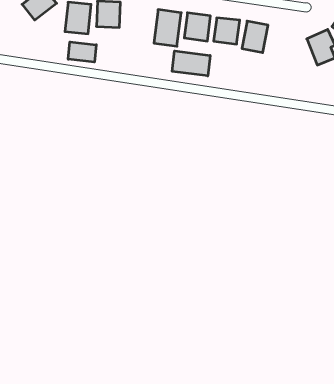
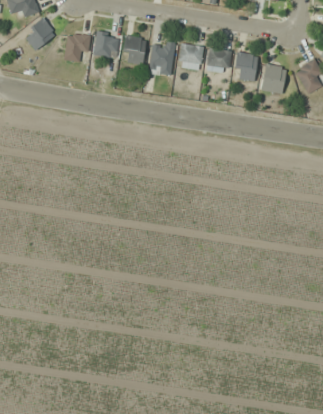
building: none -> [122,35,147,65]
building: none -> [260,64,286,94]
building: [68,42,96,62] -> none
building: [172,51,210,76] -> none

